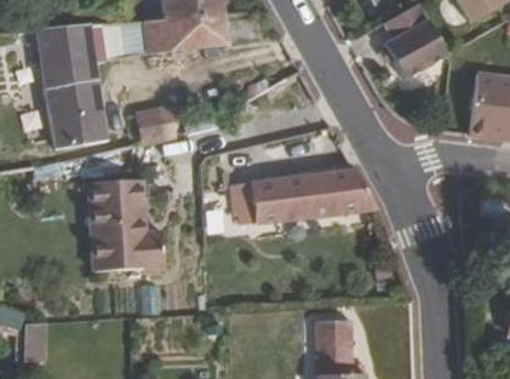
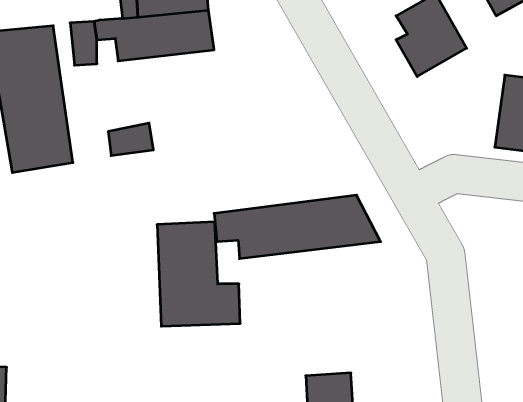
building: [87,186,159,276] -> [157,222,240,326]

